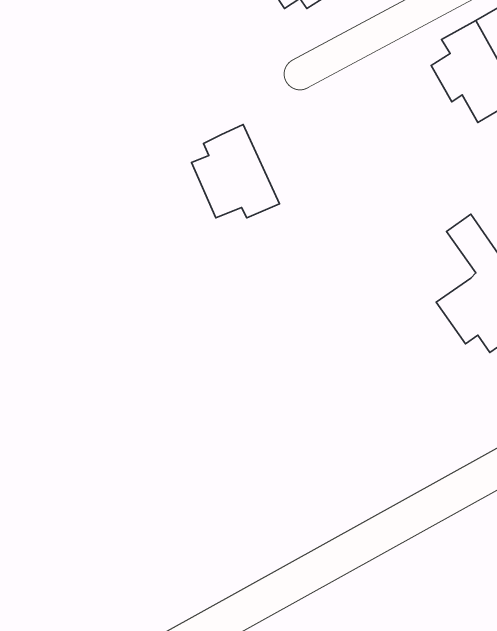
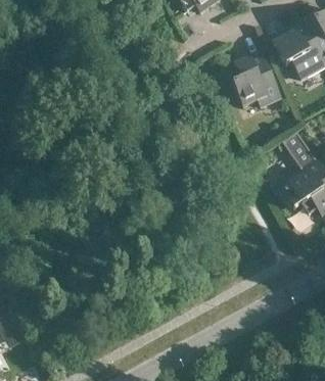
building: [192,124,280,218] -> [229,50,281,105]

